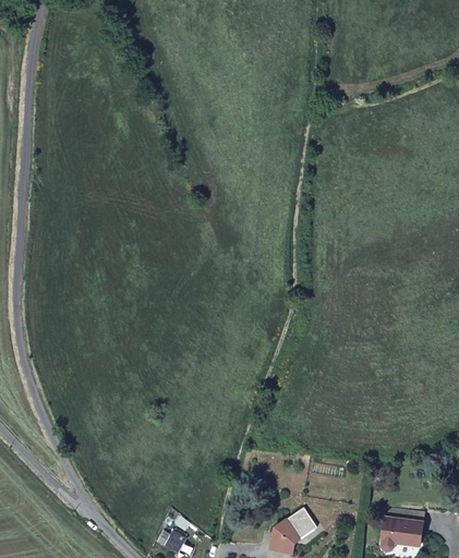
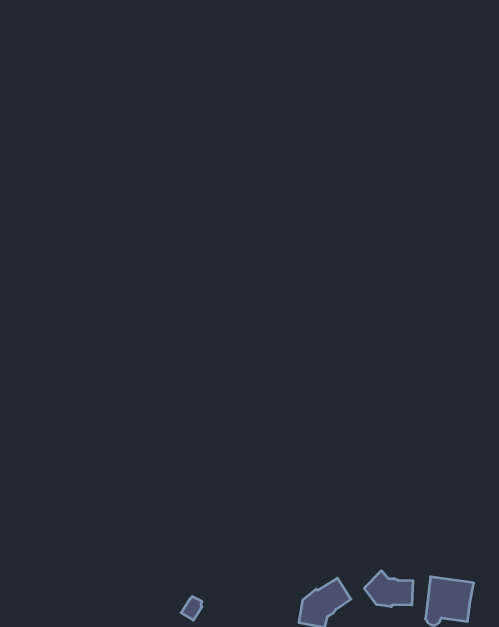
building: none -> [364,571,413,607]

